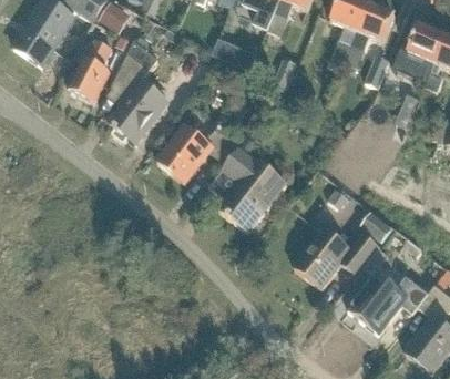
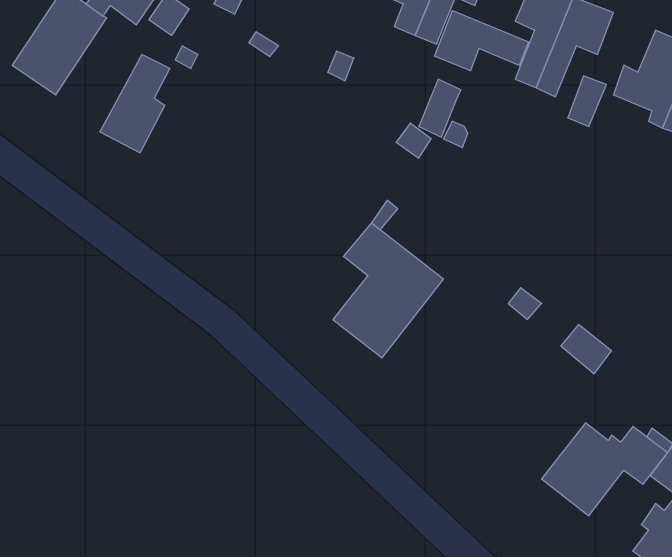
building: none -> [435,11,529,71]
building: [109,39,166,142] -> none
building: [155,123,237,182] -> none
building: [293,226,377,287] -> none

